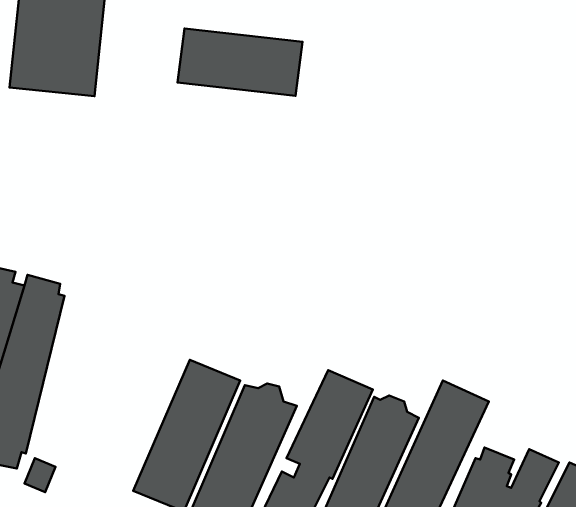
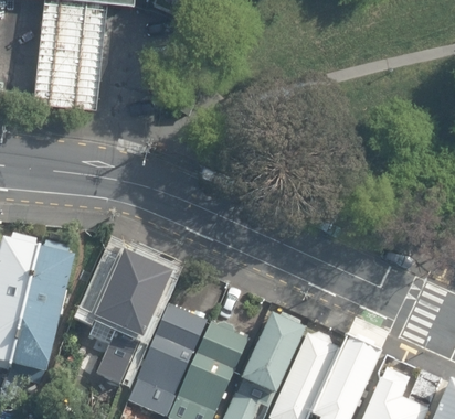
building: [178,29,302,96] -> none
building: none -> [89,249,173,386]

